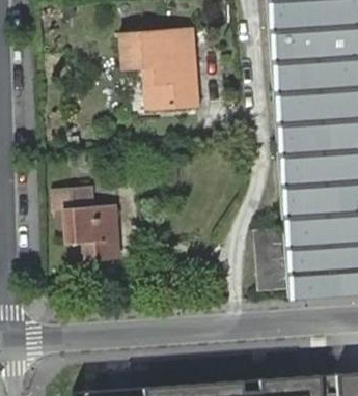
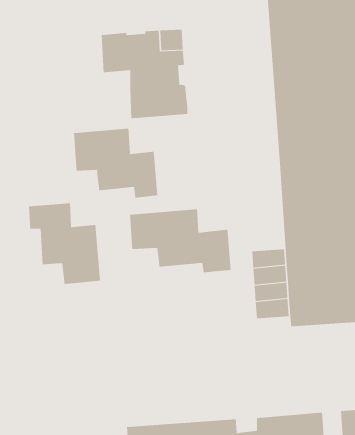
building: none -> [73,128,158,198]
building: none -> [130,209,231,273]

